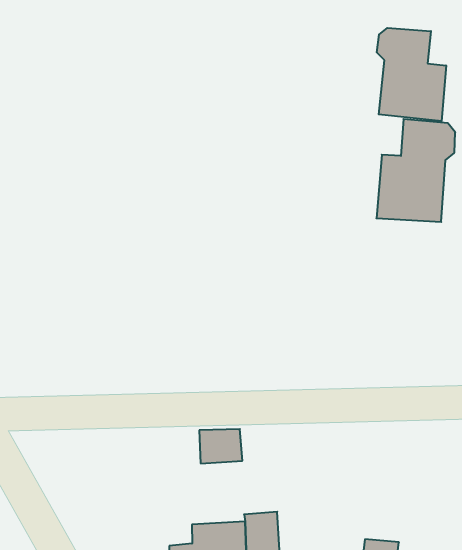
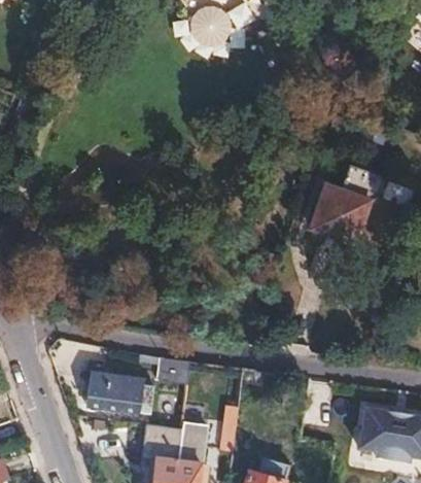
building: [377,28,446,121] -> none
building: none -> [87,371,153,412]

